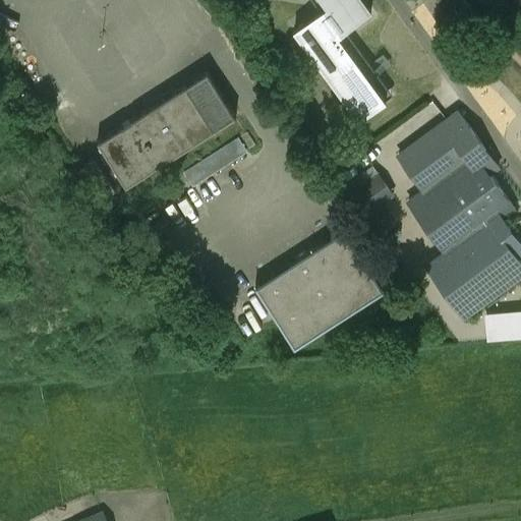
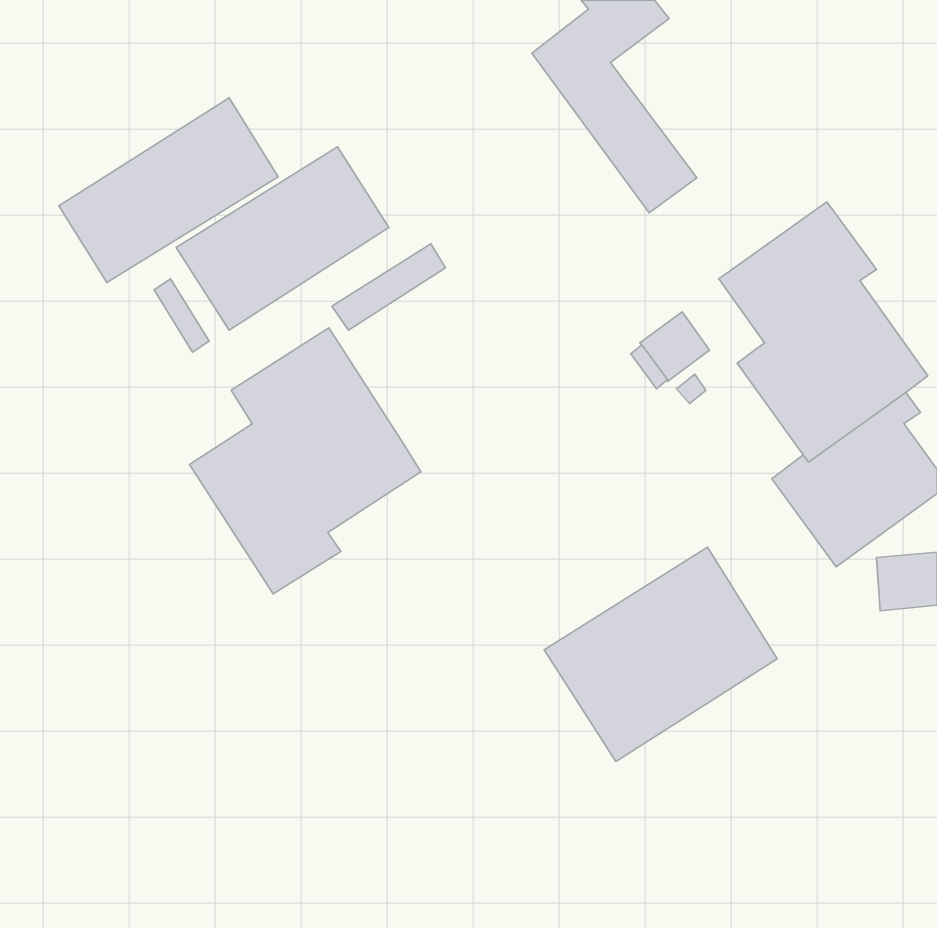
building: none -> [59,98,278,283]
building: [187,73,237,131] -> none
building: none -> [189,328,421,594]
building: [255,232,385,351] -> [544,547,777,762]

